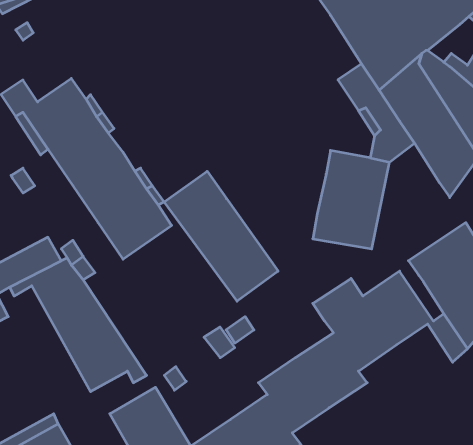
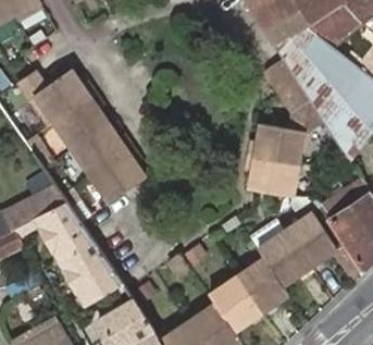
building: [164,171,278,301] -> none

